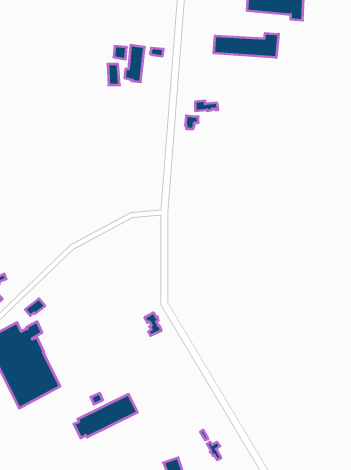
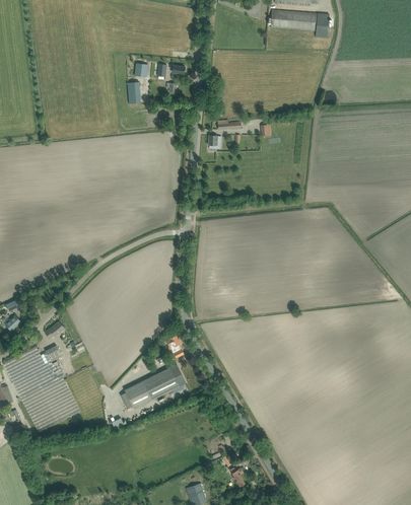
building: [214,33,279,58] -> none
building: [74,394,137,438] -> [121,364,186,409]

